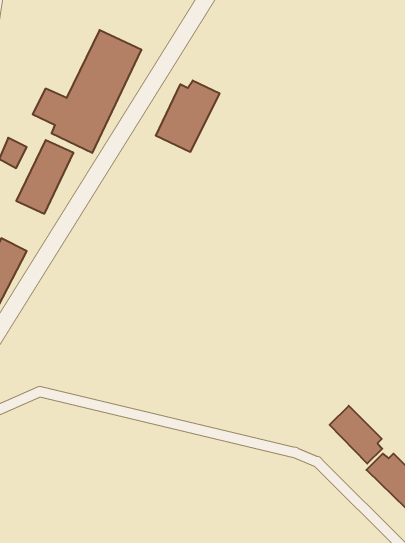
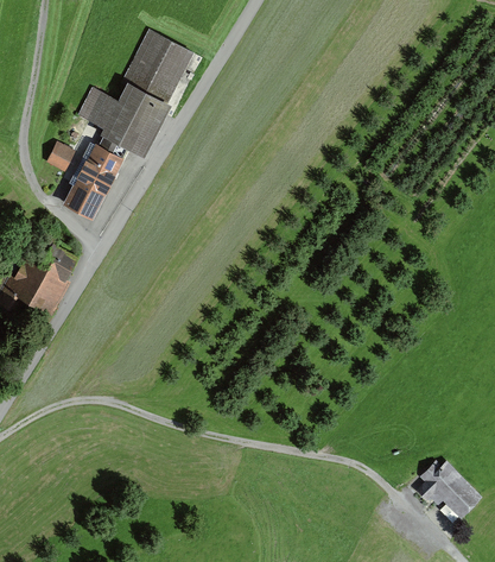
building: [156,80,219,152] -> none
building: [330,406,382,464] -> none

